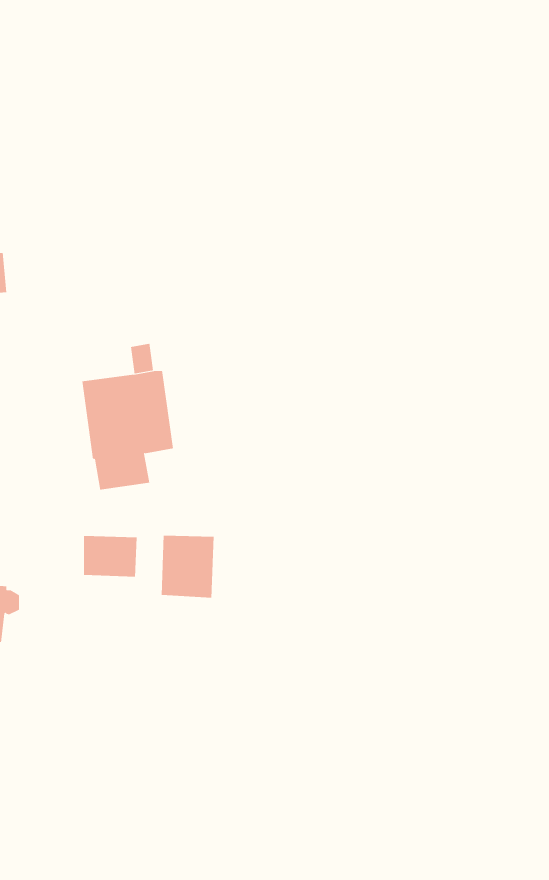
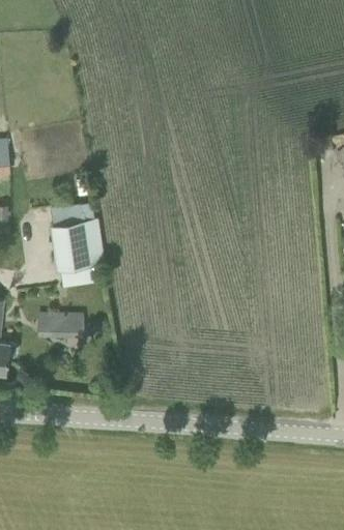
building: [161,535,214,599] -> none

